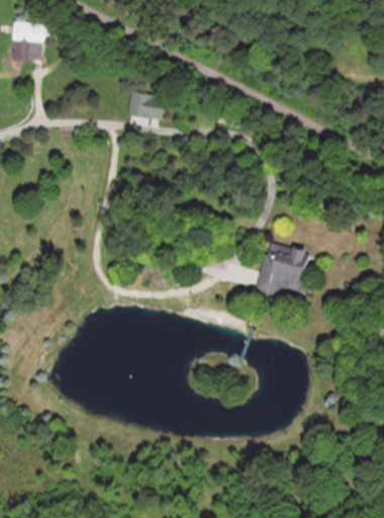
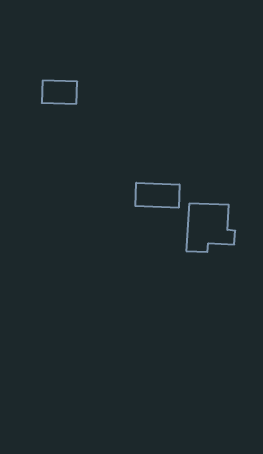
building: none -> [135,183,179,208]

